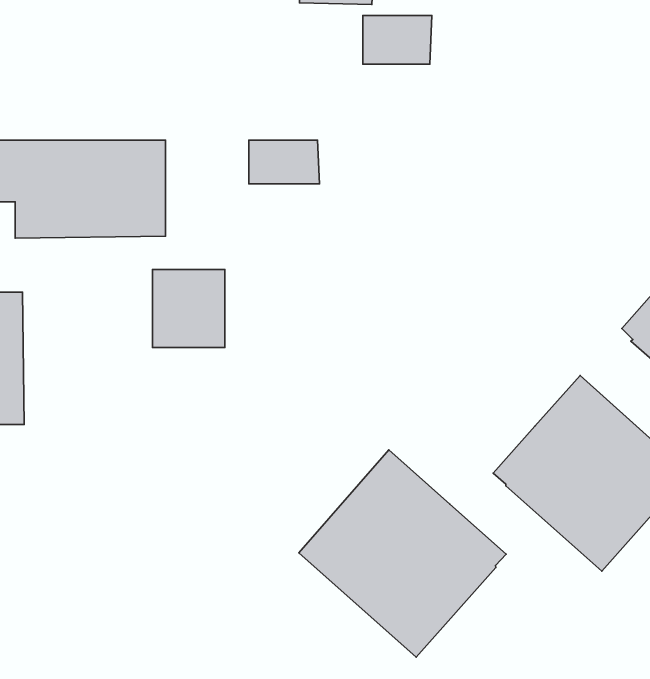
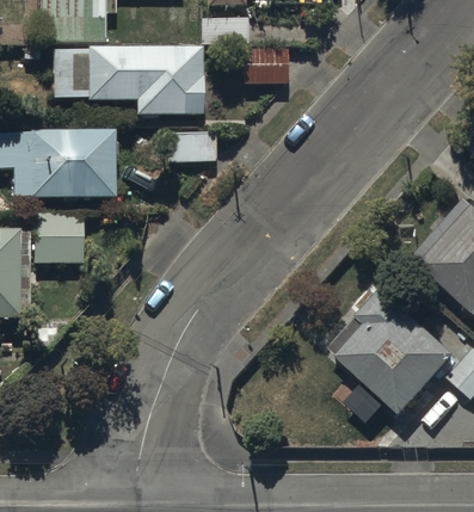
building: none -> [54,47,203,115]
building: [152,270,225,347] -> [35,210,82,261]
building: [299,450,506,657] -> none

